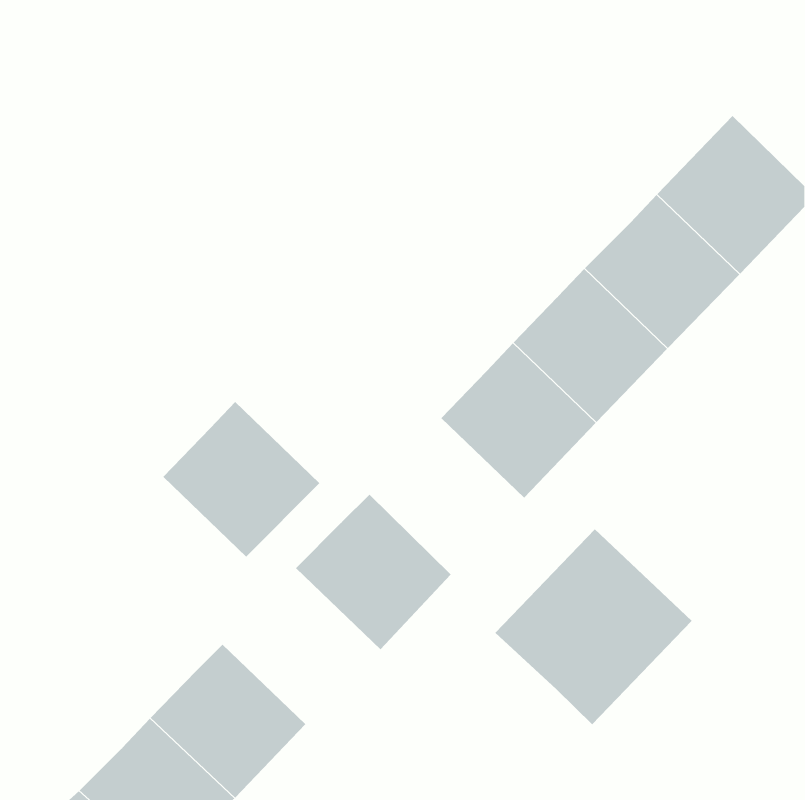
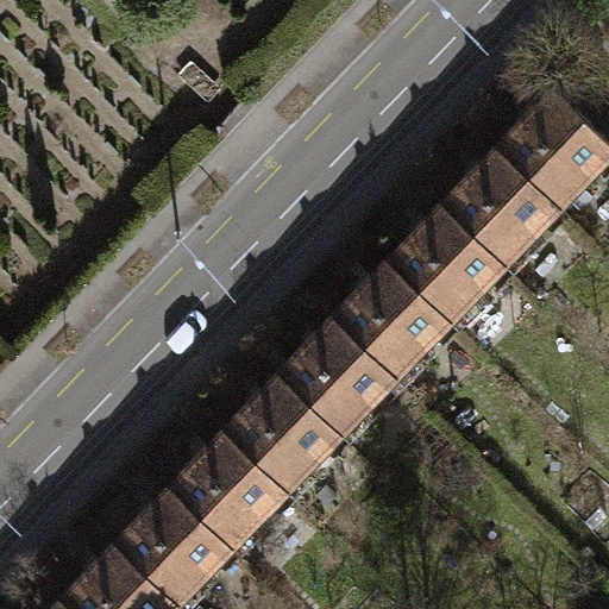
building: [162,401,320,557] -> [168,433,287,551]
building: none -> [278,320,395,438]
building: [494,528,693,725] -> none

